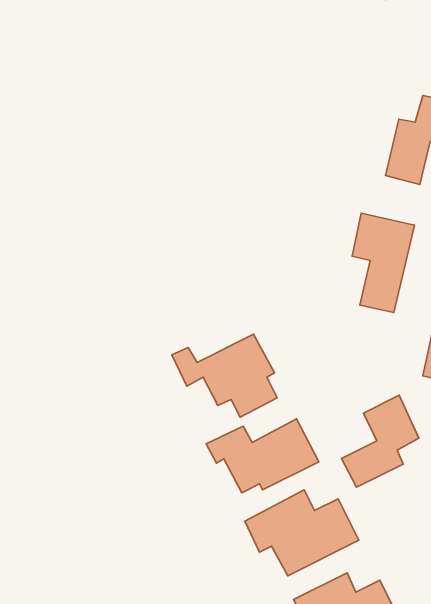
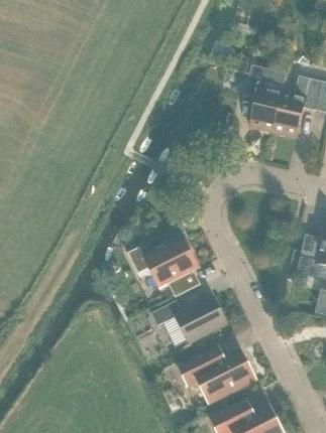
building: [352,213,415,313] -> [244,63,287,131]
building: [341,395,419,487] -> none

